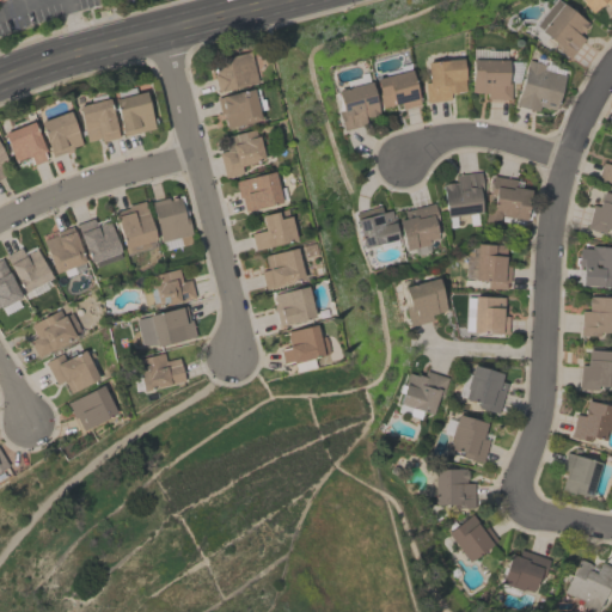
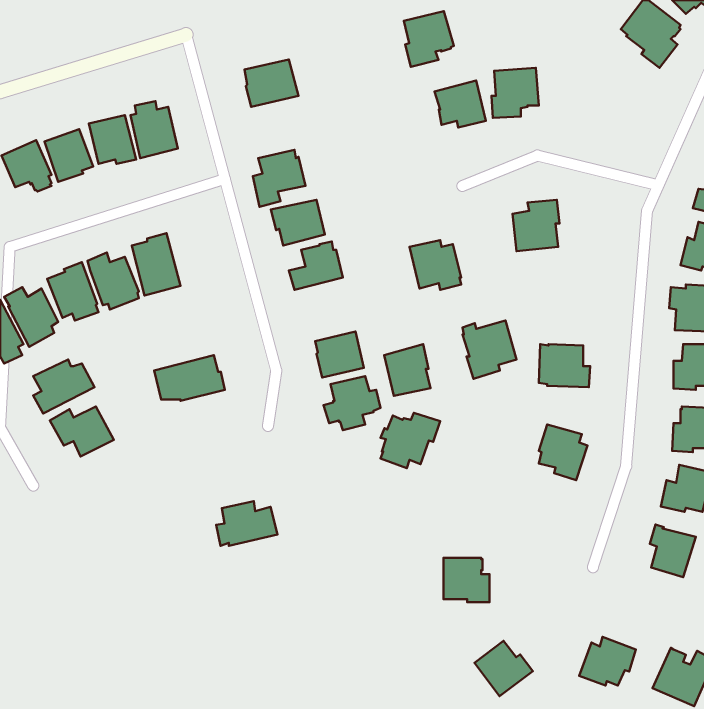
building: [475,48,514,99] -> none
building: [519,60,568,111] -> none
building: [339,82,382,130] -> [404,11,454,67]
building: [219,87,270,128] -> none
building: [489,176,534,221] -> none
building: [154,197,196,250] -> none
building: [402,203,442,250] -> none
building: [477,243,514,289] -> none
building: [263,247,307,288] -> none
building: [145,269,198,308] -> none
building: none -> [384,344,430,396]
building: [135,353,188,391] -> [216,501,277,546]
building: [400,371,452,418] -> [380,413,440,468]
building: [71,385,121,430] -> none
building: [453,415,492,463] -> none
building: [437,469,477,507] -> [444,558,489,602]
building: [451,514,501,562] -> [474,641,533,696]

